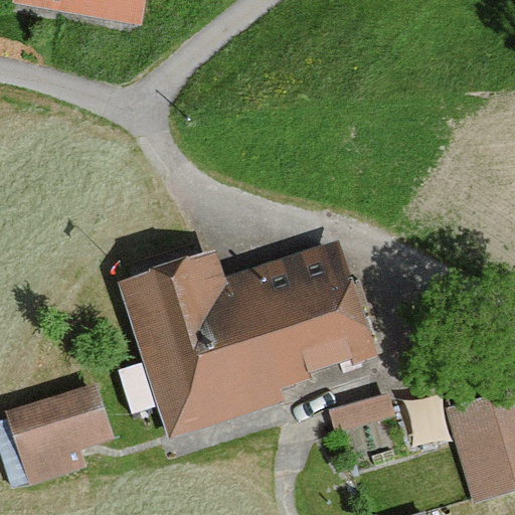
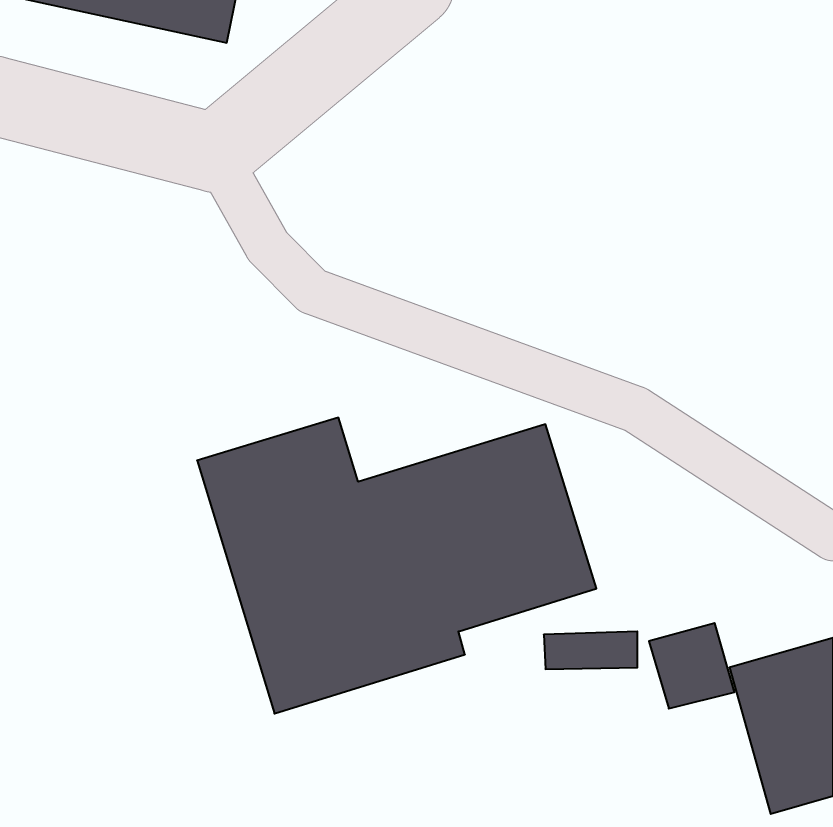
building: [4,384,119,483] -> none

